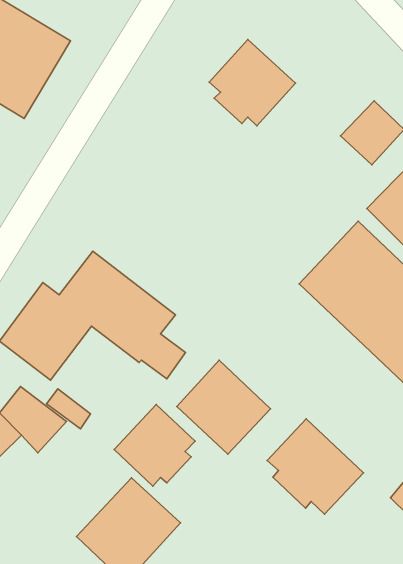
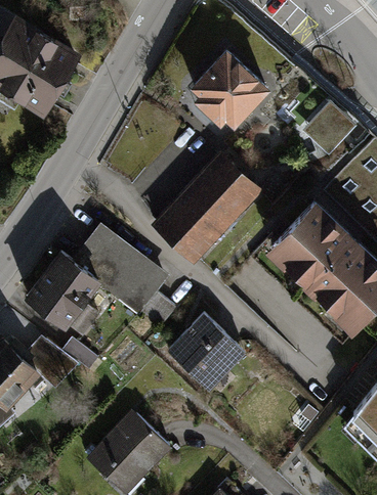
building: none -> [153,152,262,263]
building: [114,404,195,486] -> none
building: [267,419,364,514] -> none

